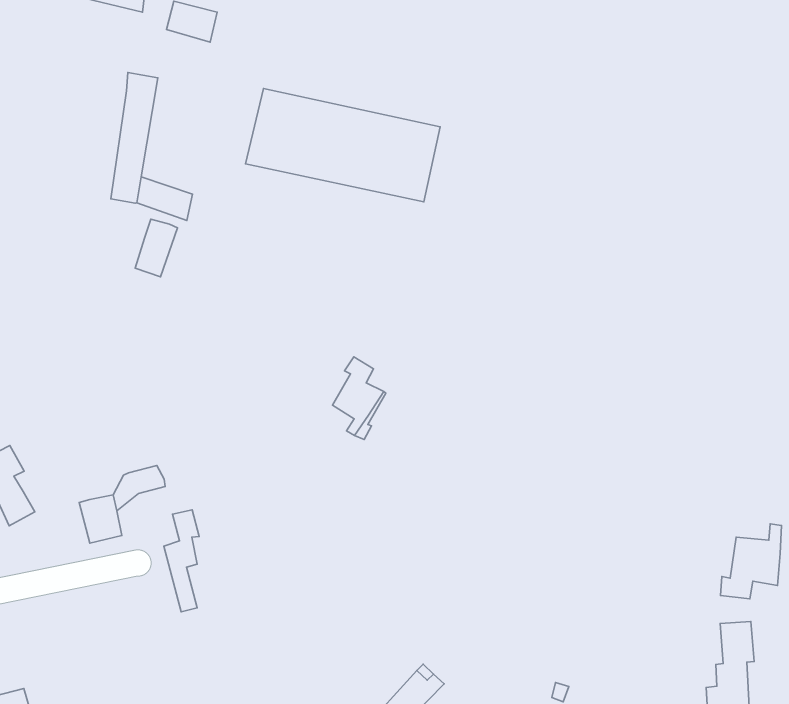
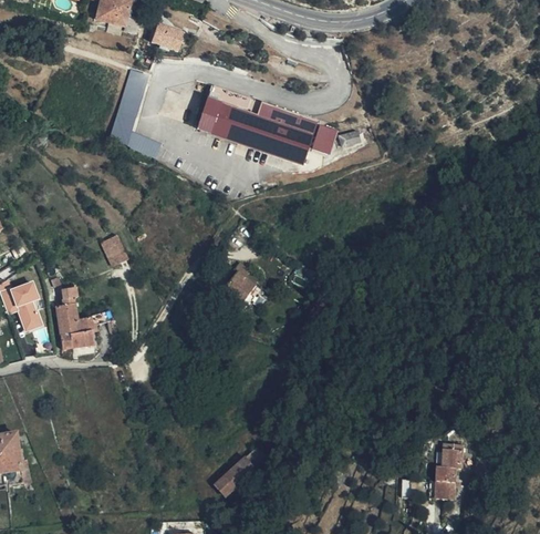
building: none -> [308,124,333,153]
building: [135,219,178,277] -> none
building: none -> [98,234,125,265]
building: [164,510,199,612] -> [54,287,76,348]
building: [721,524,782,599] -> none

